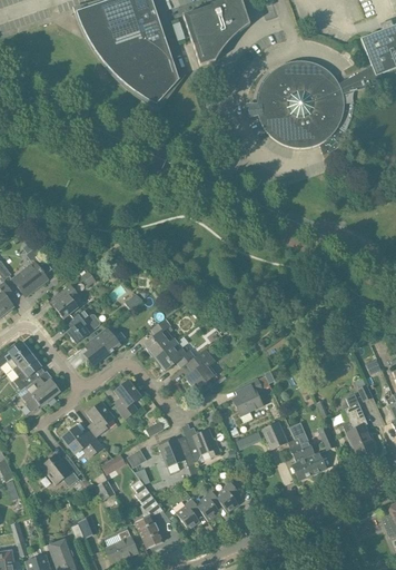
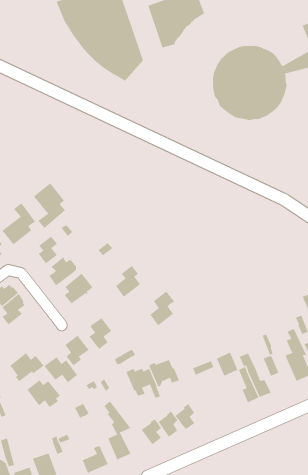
building: none -> [33,182,66,229]
building: [155,341,194,368] -> none
building: [18,374,59,409] -> [9,352,44,382]
building: [231,377,261,414] -> none

